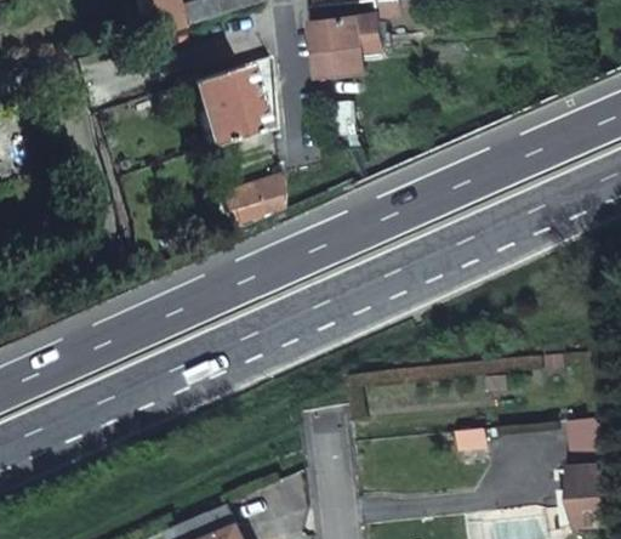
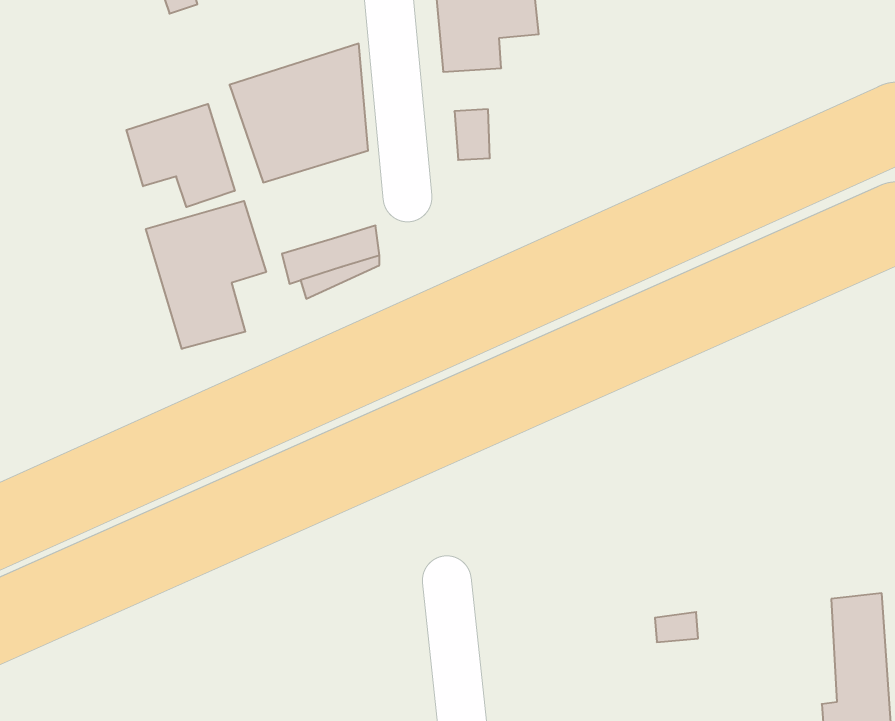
building: none -> [126,104,235,207]
building: none -> [146,201,266,349]

